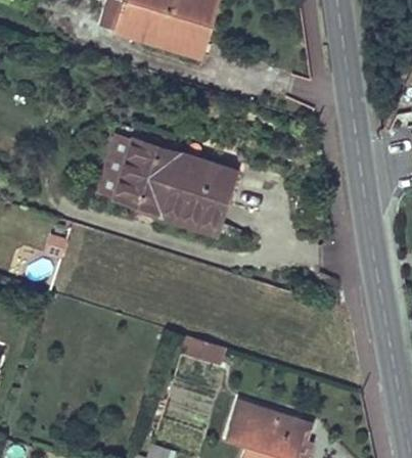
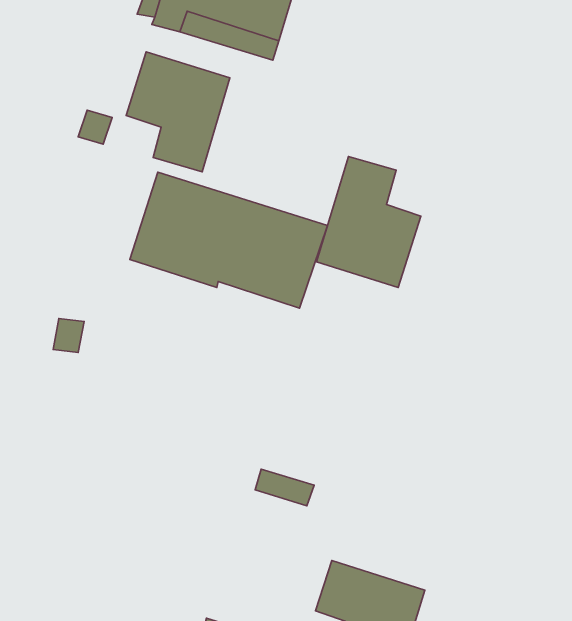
building: none -> [126,52,230,172]
building: none -> [316,156,421,288]

